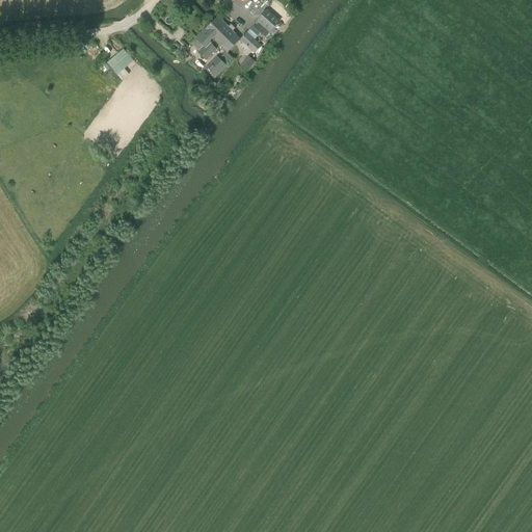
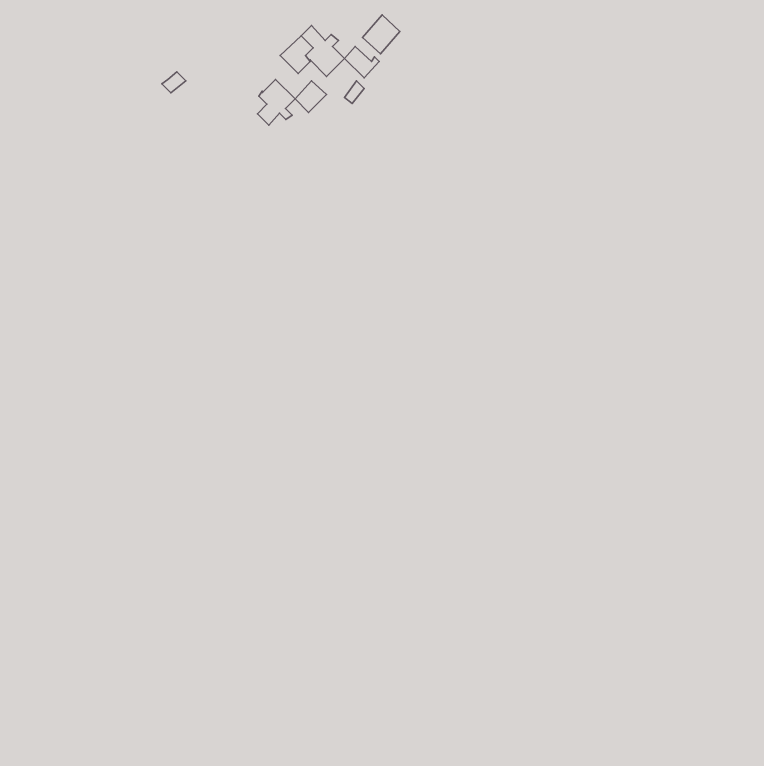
building: none -> [257,79,295,125]

